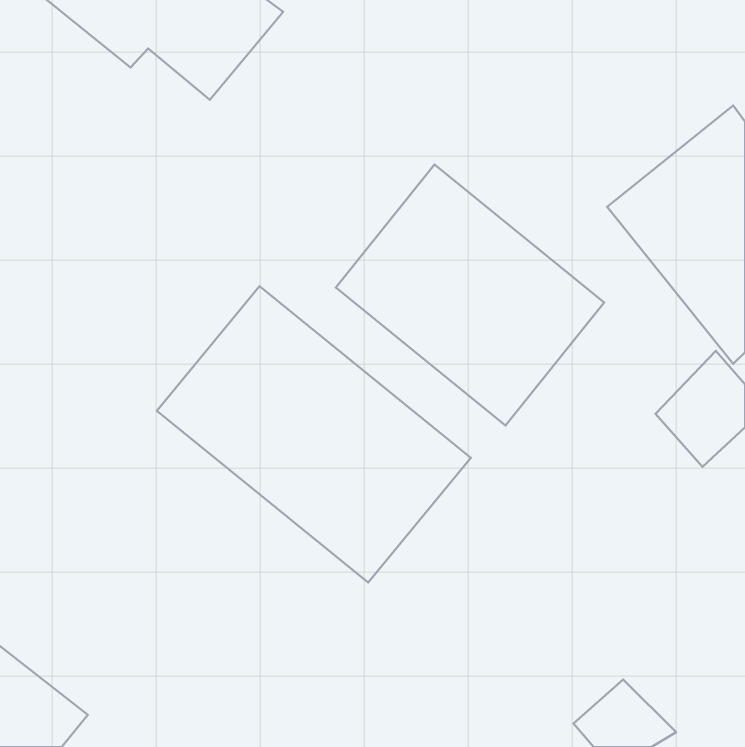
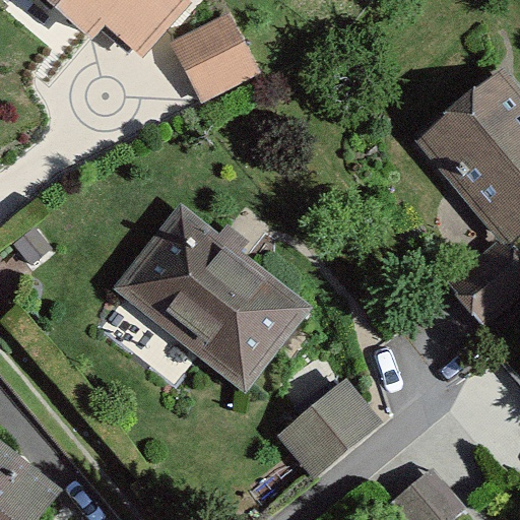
building: none -> [170,11,258,98]
building: [336,165,604,425] -> none
building: none -> [276,381,380,474]

